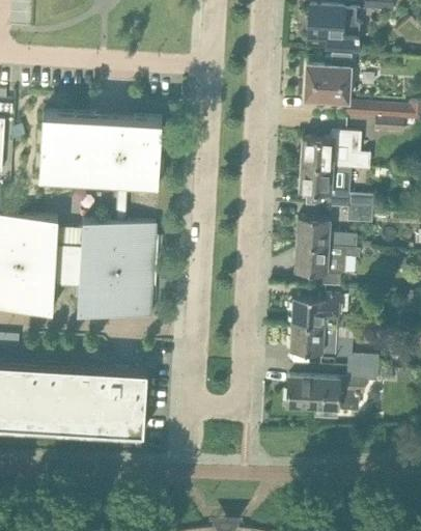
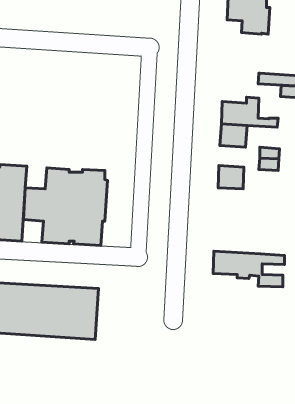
building: [304,61,350,104] -> none
building: [39,114,162,227] -> none
building: [294,247,354,276] -> none
building: [291,294,350,329] -> none
building: [287,369,377,421] -> none

